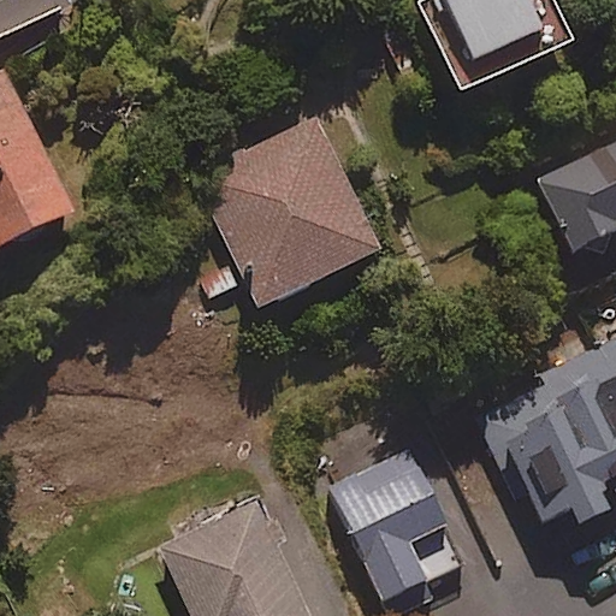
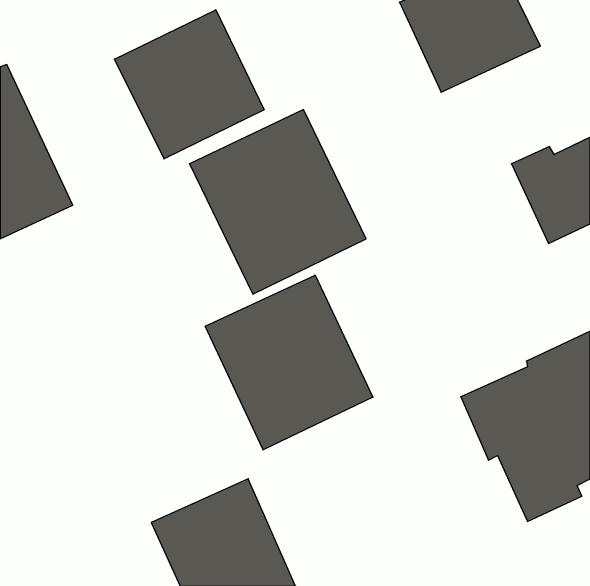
building: none -> [114,10,264,159]
building: none -> [205,275,373,450]
building: [332,448,466,600] -> none

